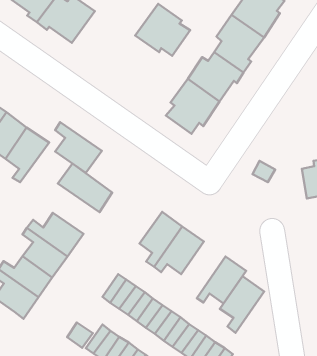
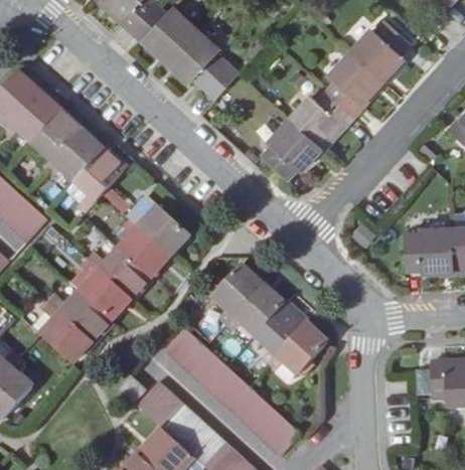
building: [135,4,190,56] -> [166,28,228,89]
building: [55,122,102,173] -> [120,216,172,277]
building: [220,276,264,333] -> [255,303,307,365]

